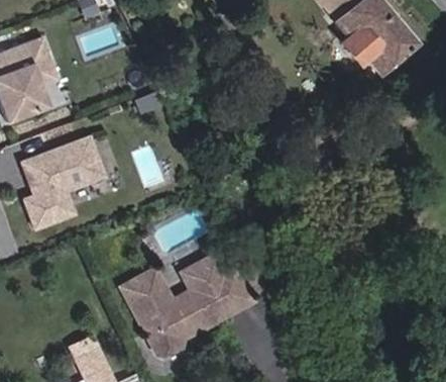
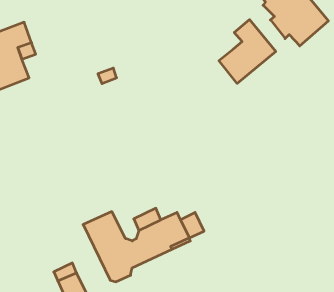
building: none -> [219,20,276,83]
building: [22,140,104,230] -> none

